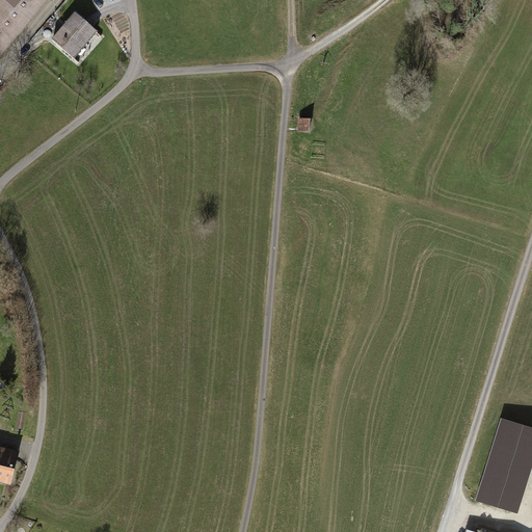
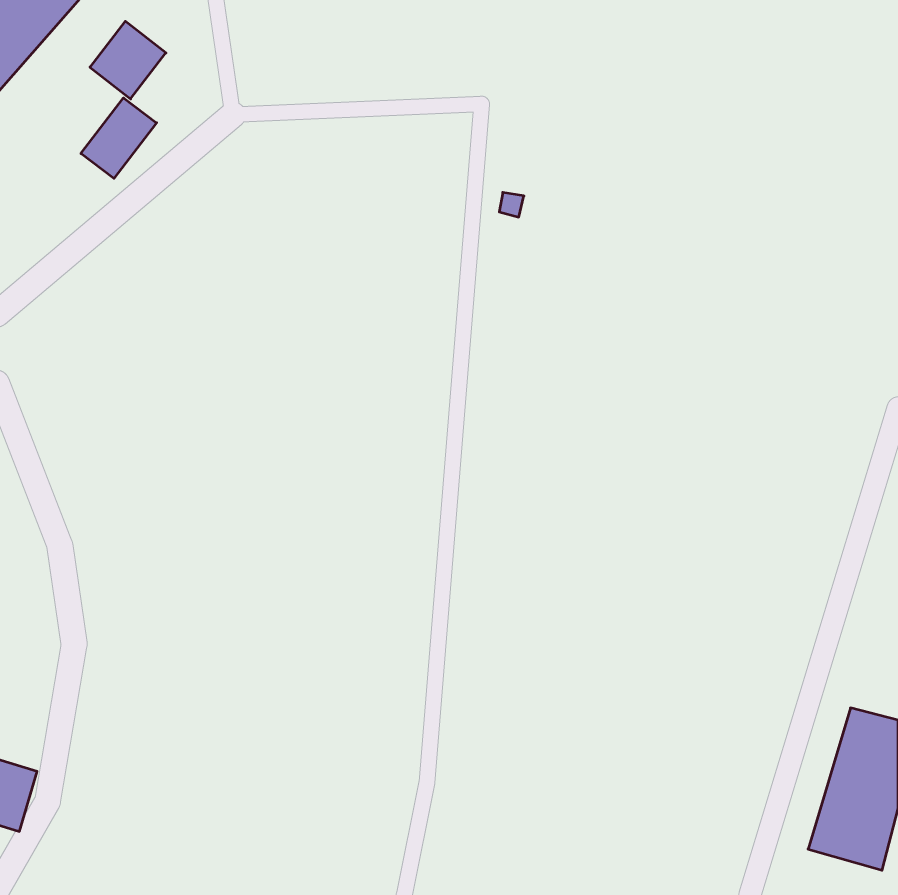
building: none -> [81,98,157,178]

